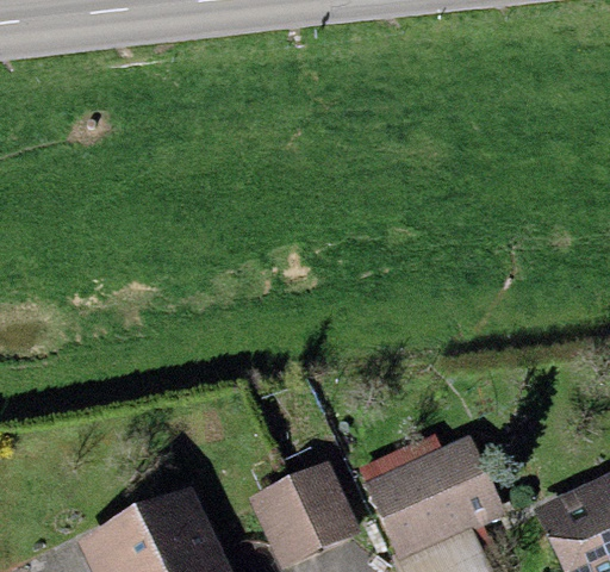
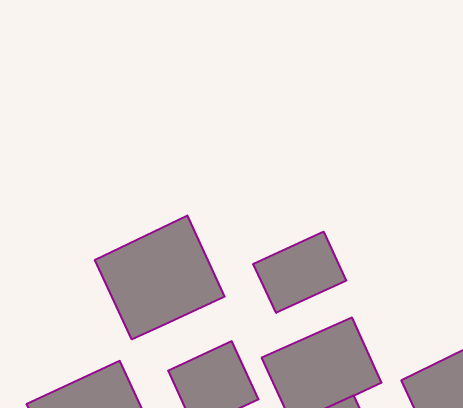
building: none -> [95,215,225,339]
building: none -> [253,232,346,313]

